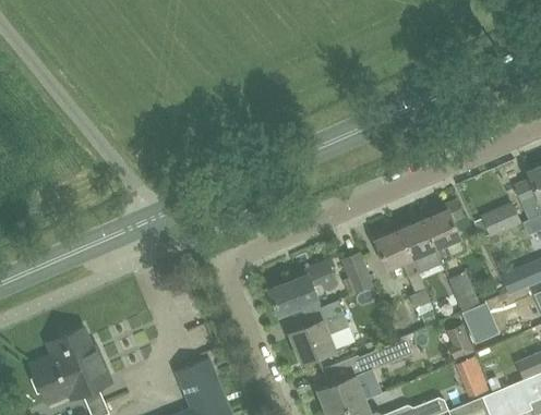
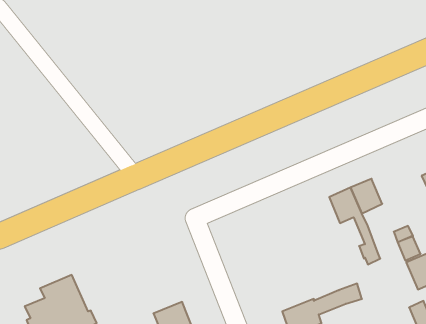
building: [423,199,464,264] -> none
building: [340,253,373,295] -> none
building: [268,263,337,316] -> none
building: [290,302,349,364] -> none

